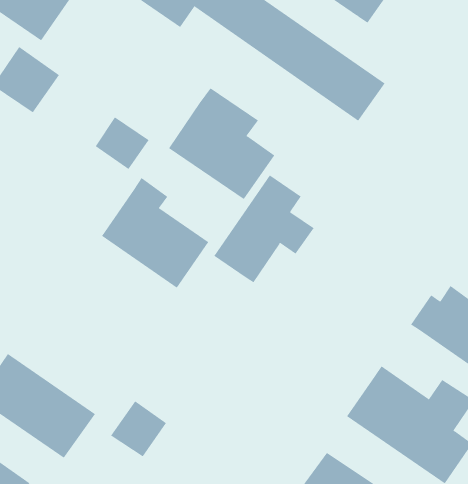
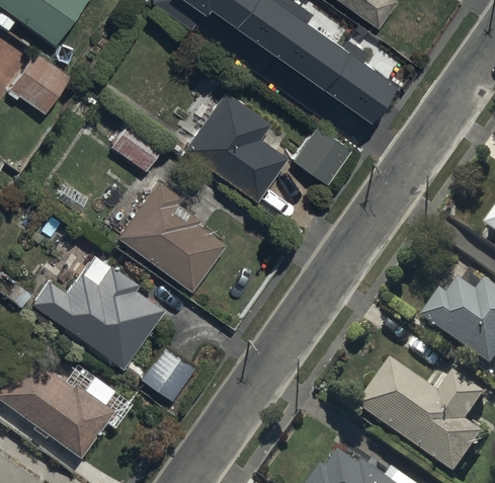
building: none -> [294,126,351,182]
building: [214,174,314,283] -> none
building: none -> [30,257,166,370]
building: [110,400,167,457] -> [142,344,197,400]

